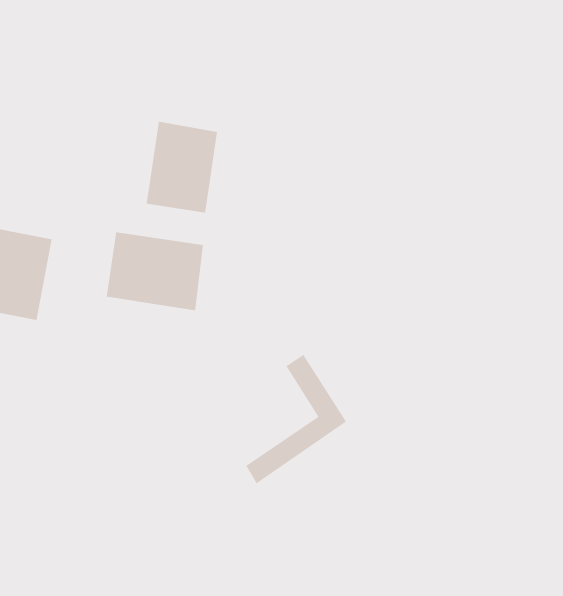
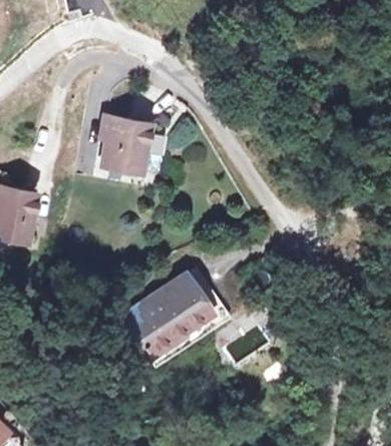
building: [106,231,204,311] -> none
building: none -> [123,276,210,363]

